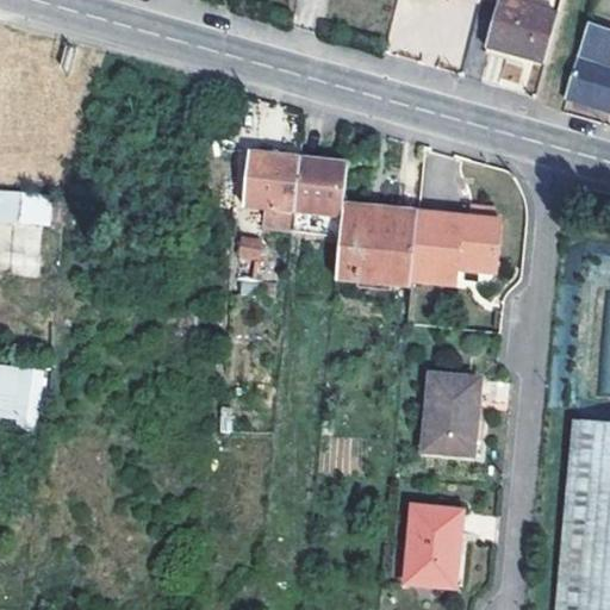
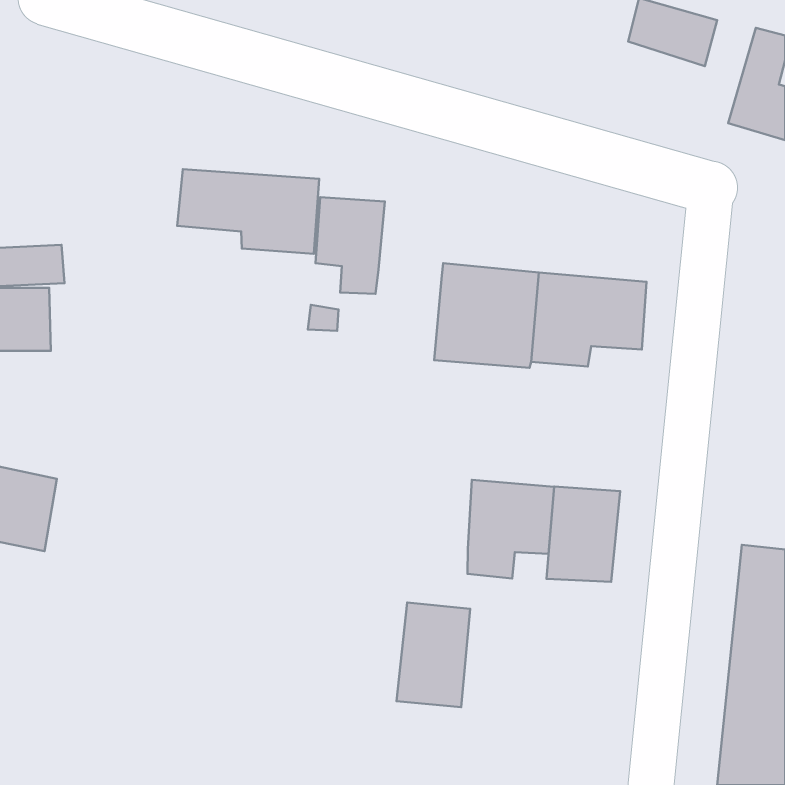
building: none -> [177,169,319,254]
building: [293,156,348,213] -> none
building: none -> [467,480,554,579]
building: [404,510,461,591] -> [396,603,470,707]

